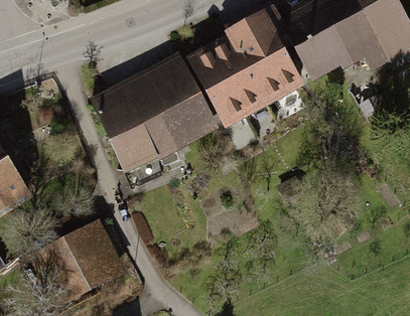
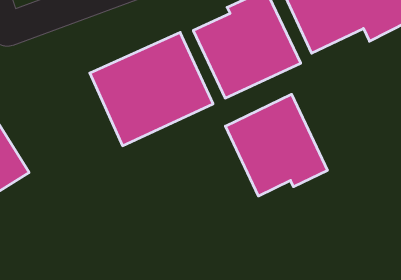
building: none -> [225,94,327,196]
building: [54,223,132,301] -> none

